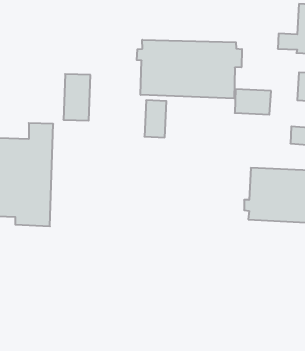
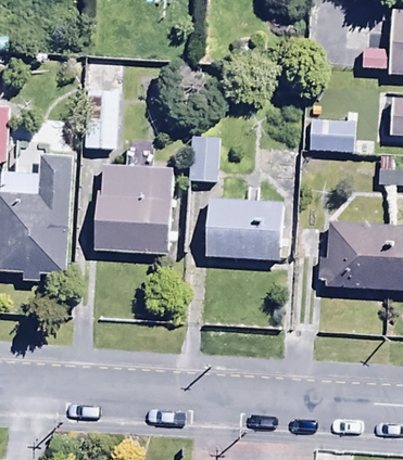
building: [137,40,242,98] -> none
building: none -> [95,178,169,253]
building: none -> [207,196,282,257]

